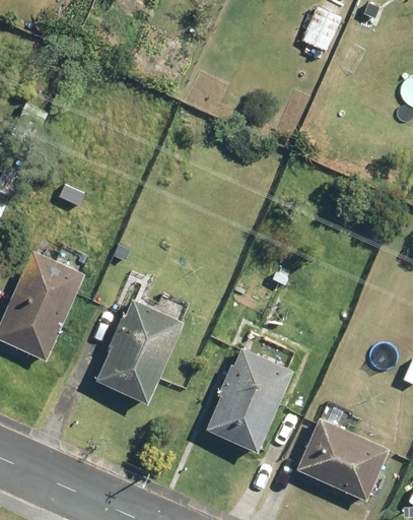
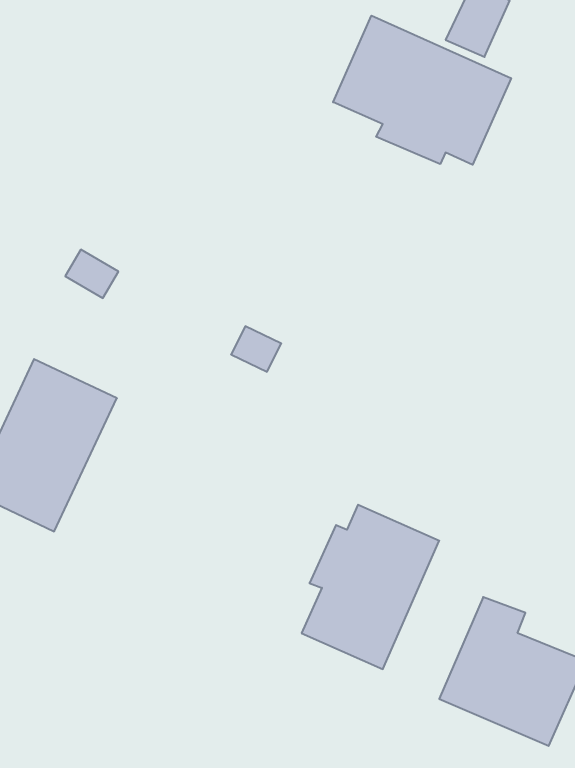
building: none -> [333,16,511,165]
building: [92,296,186,408] -> none

